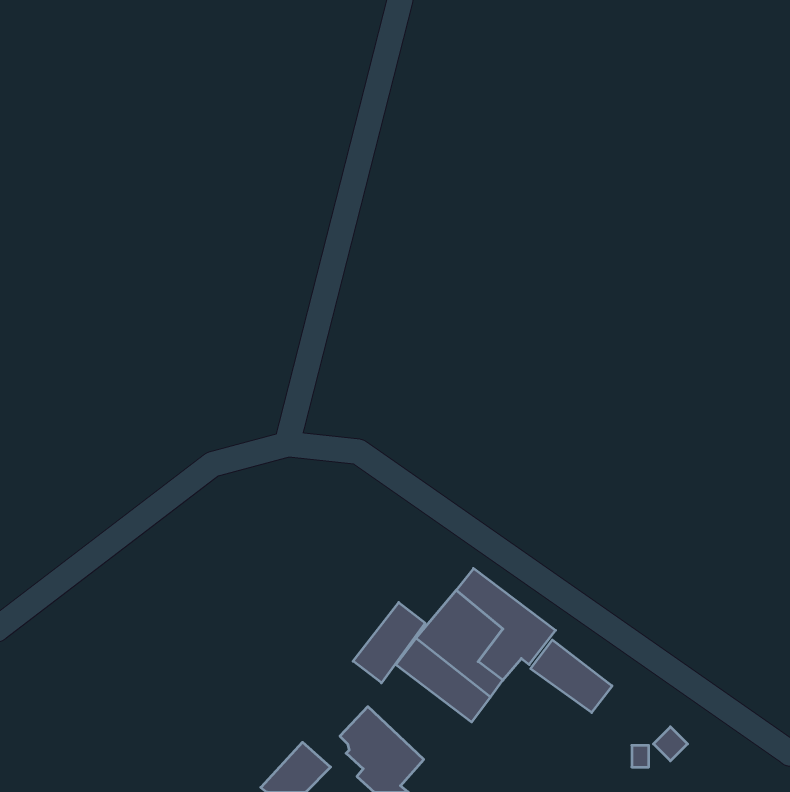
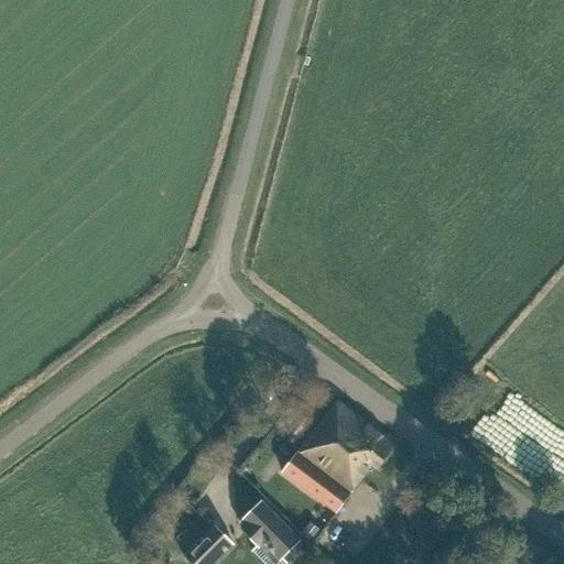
building: [353,602,425,683] -> none
building: [531,640,612,713] -> none

